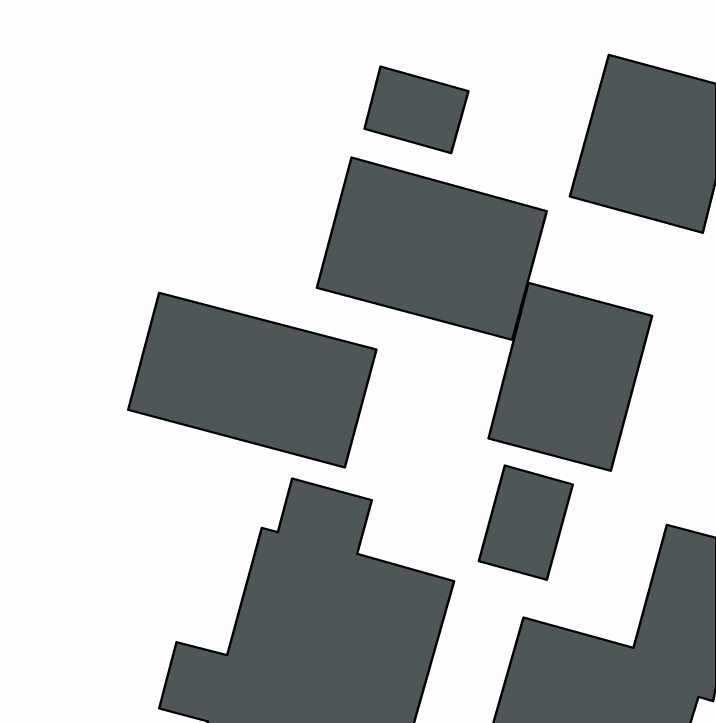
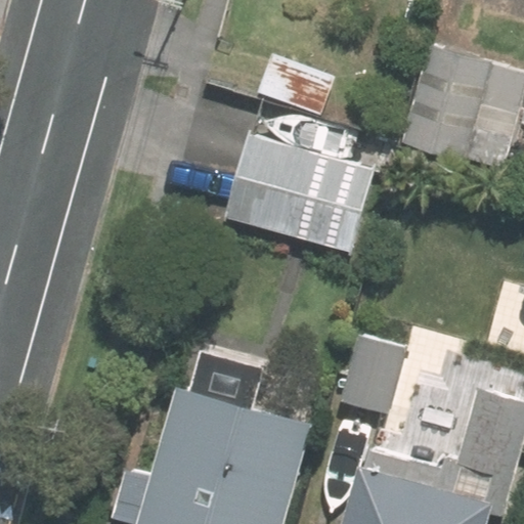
building: [488,283,652,471] -> none
building: [128,293,376,468] -> none

